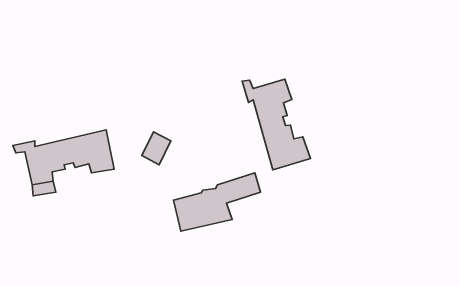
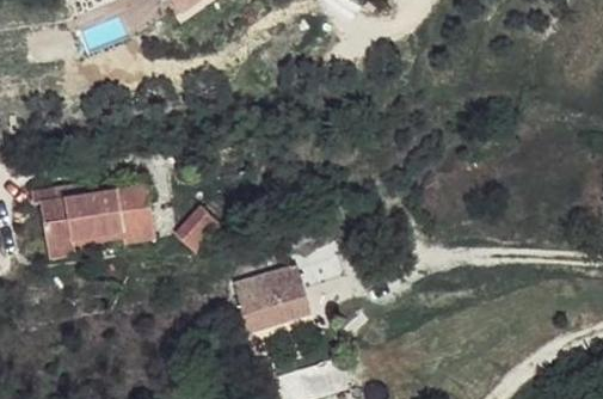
building: [242,79,311,170] -> none

